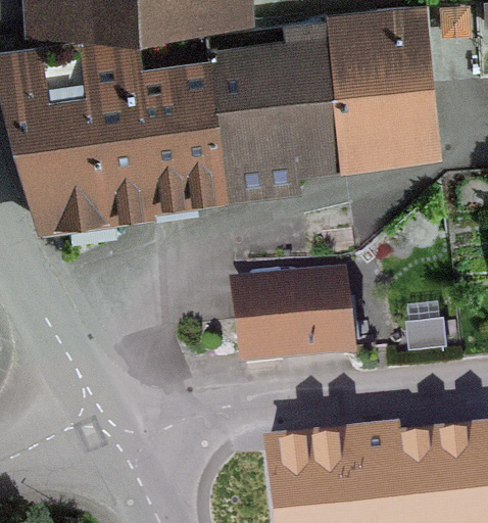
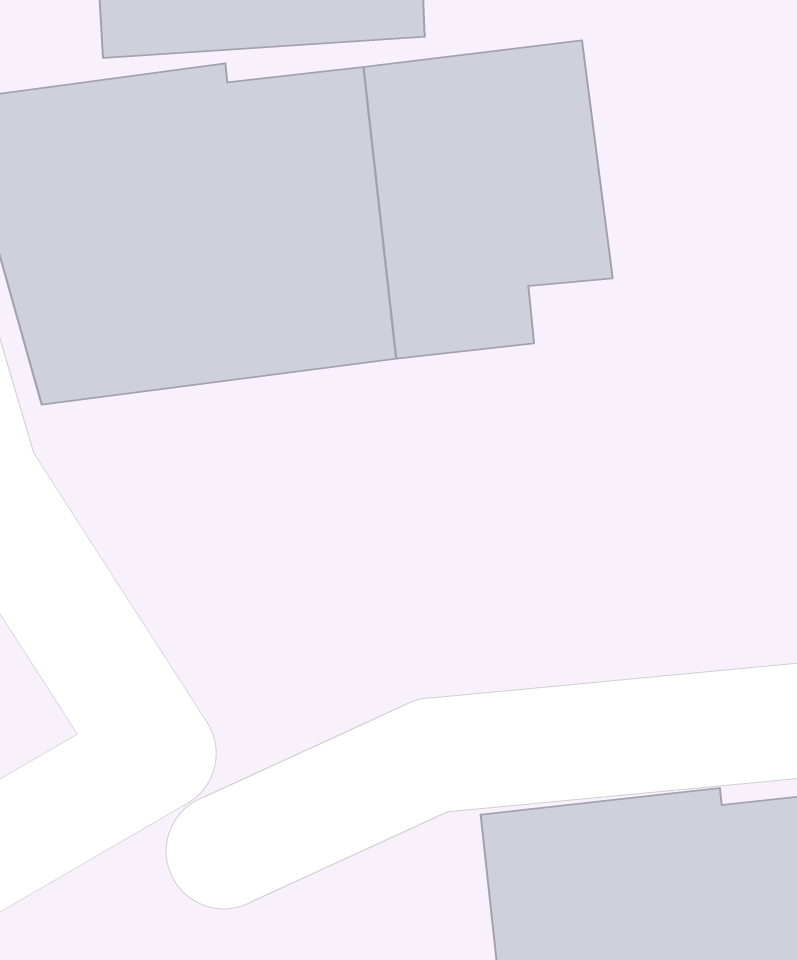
building: [326,7,431,153] -> none
building: [240,293,348,366] -> none

